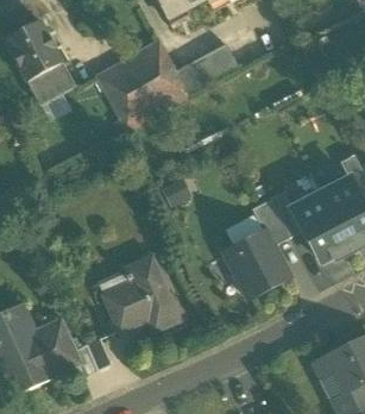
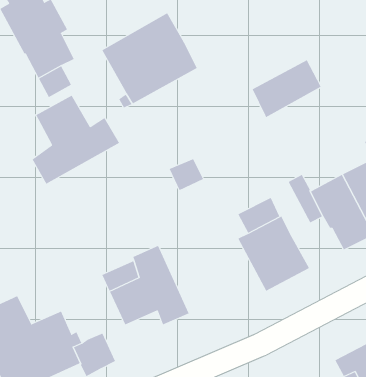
building: [175,43,239,96] -> [252,60,322,118]
building: none -> [32,95,120,185]
building: [252,199,290,246] -> none

